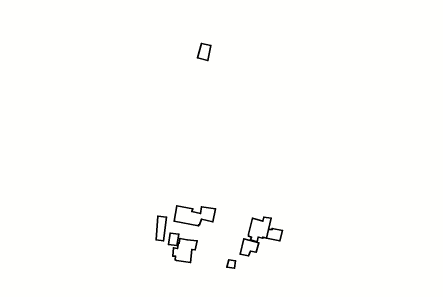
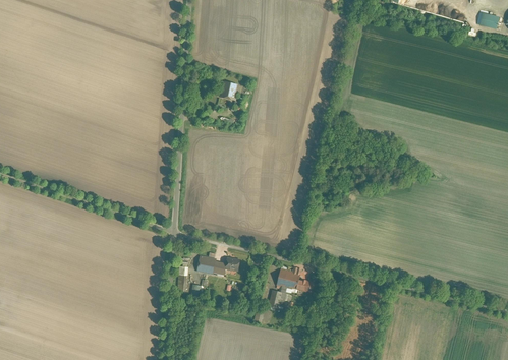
building: [173,239,197,262] -> none

